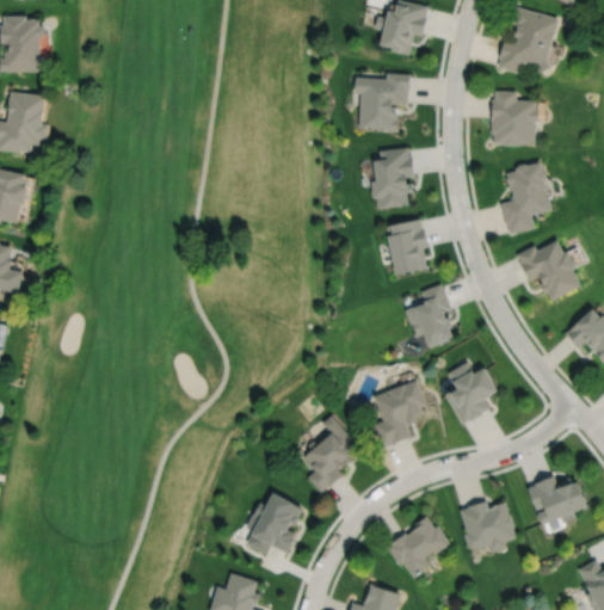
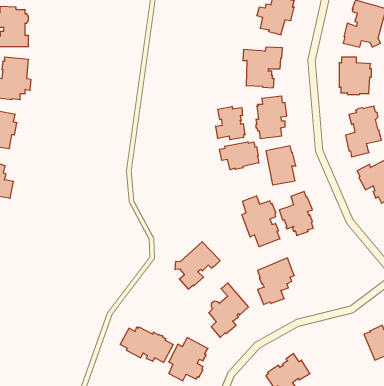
building: none -> [216,106,245,140]
building: none -> [220,142,259,170]
building: none -> [242,196,280,247]
building: none -> [175,242,220,289]
building: [445,362,499,424] -> none
building: none -> [120,327,173,362]
building: [458,500,516,553] -> none

